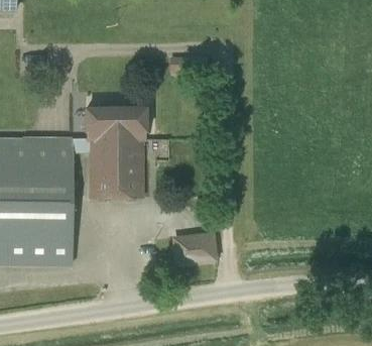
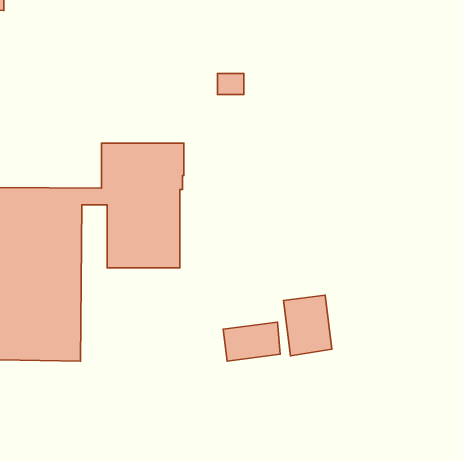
building: none -> [283,295,332,356]

